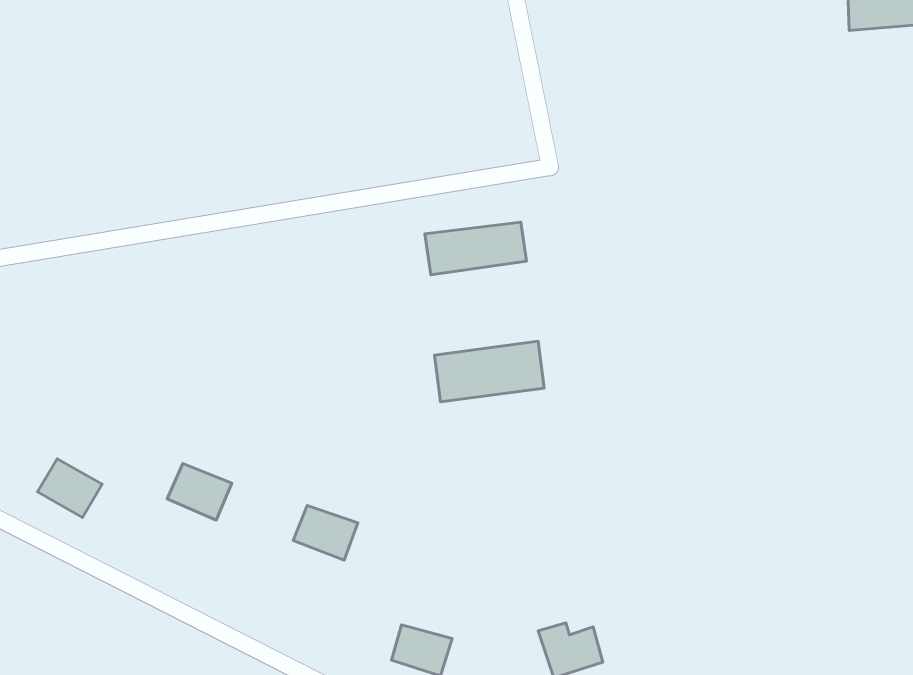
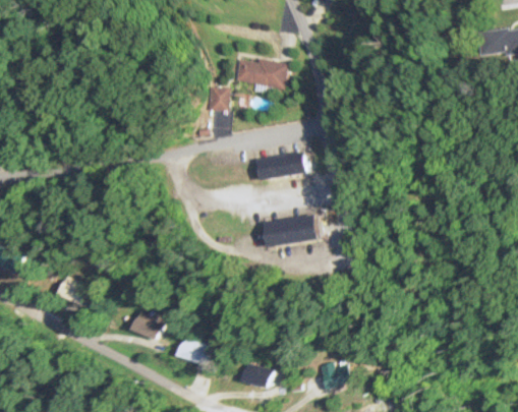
building: none -> [236,58,291,90]
building: none -> [206,87,228,111]
building: [167,464,232,520] -> [129,312,163,342]
building: [293,505,358,560] -> [175,338,209,366]

